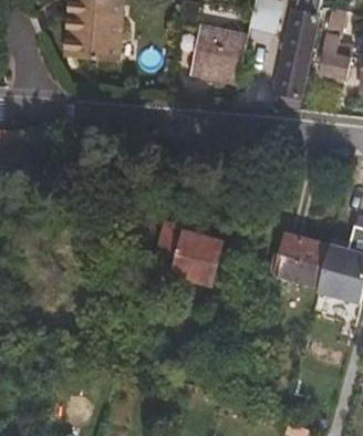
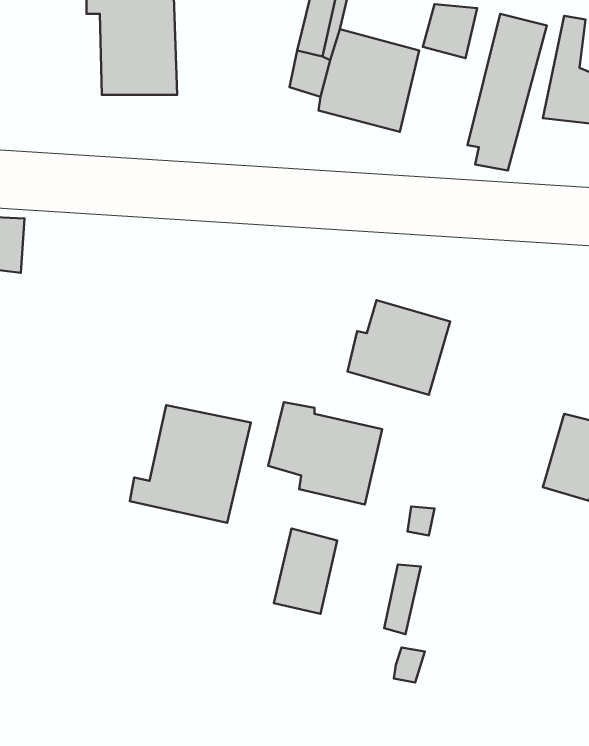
building: [270,232,329,287] -> [348,300,450,395]
building: none -> [130,405,251,523]
building: none -> [274,528,337,614]

